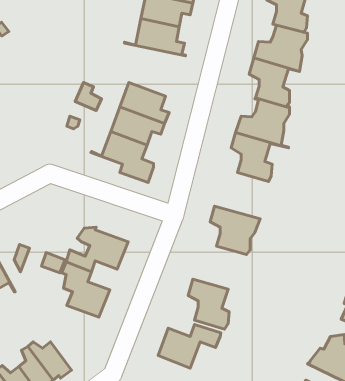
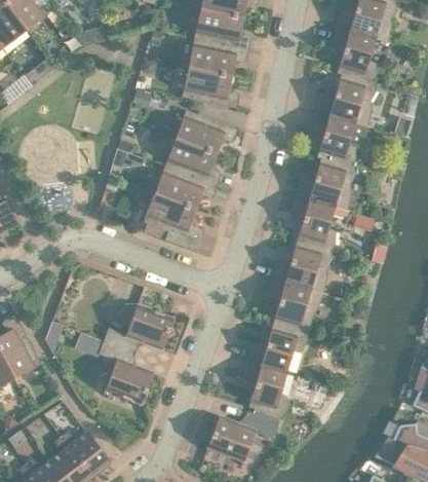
building: none -> [172,107,238,155]
building: none -> [270,242,330,294]
building: none -> [245,325,306,373]

